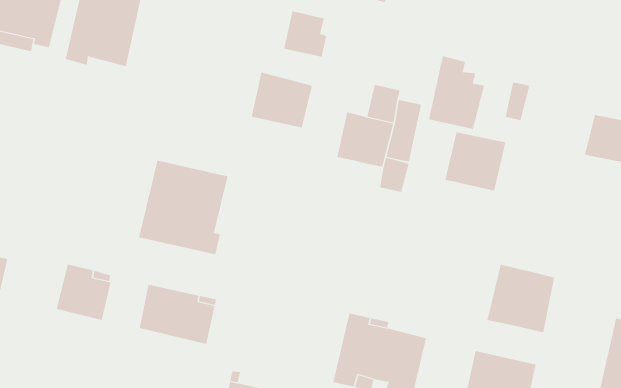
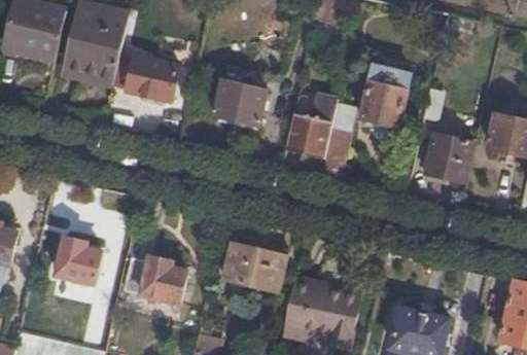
building: [284,10,327,57] -> none
building: none -> [127,54,180,101]
building: [444,132,506,191] -> [424,132,475,180]
building: [138,160,228,255] -> none
building: [487,264,555,333] -> none
building: none -> [222,244,287,292]

